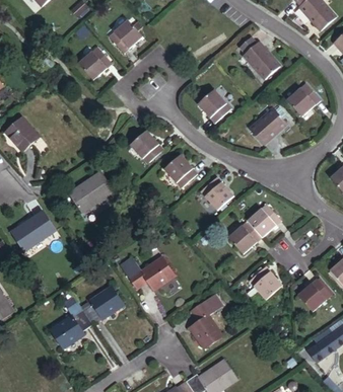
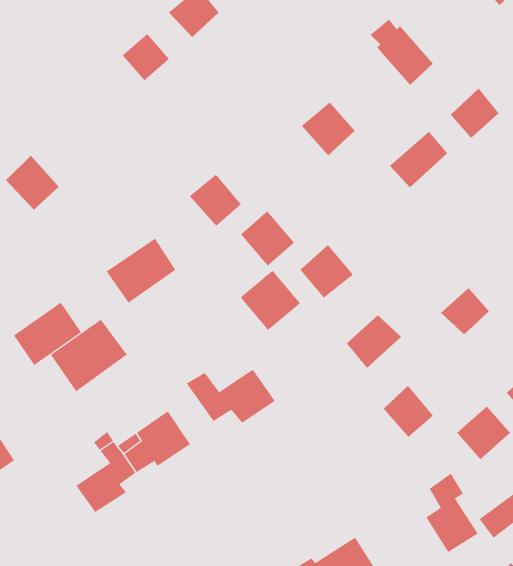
building: none -> [240,270,301,331]
building: [243,205,274,235] -> [440,287,490,335]
building: none -> [50,319,128,392]
building: [193,299,226,349] -> [426,473,478,553]

